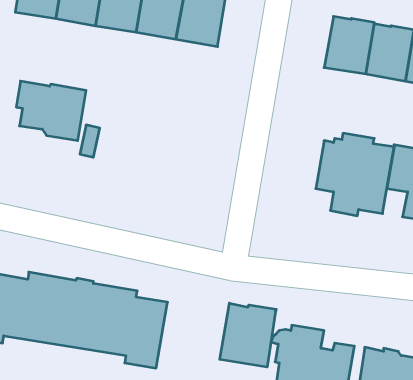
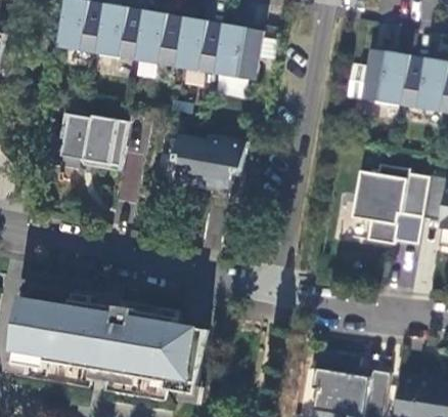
building: none -> [172,135,244,194]
building: [220,303,276,367] -> none

